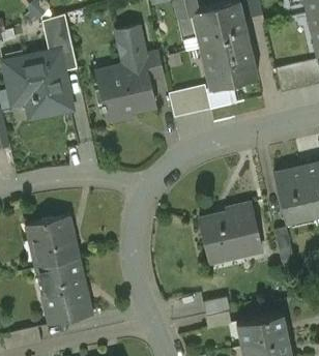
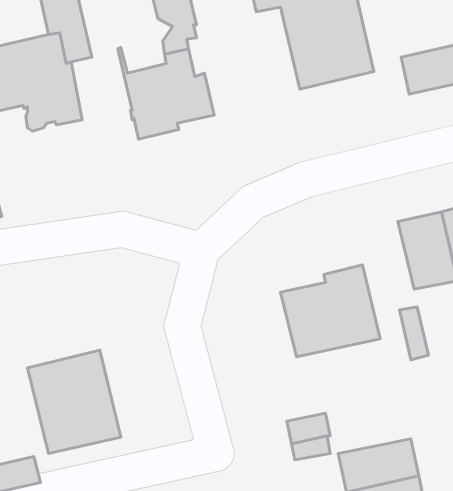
building: [138,52,165,81] -> none
building: [172,84,213,115] -> none
building: [26,216,82,268] -> none

